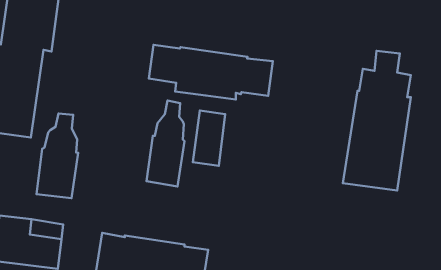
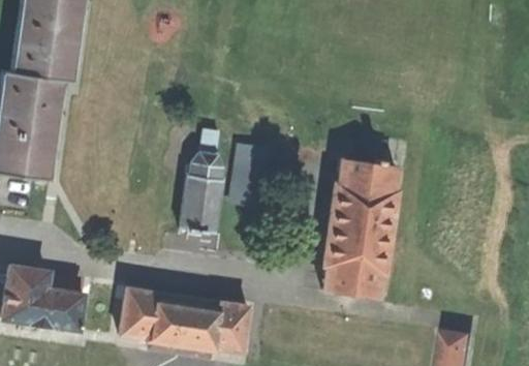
building: [149,45,273,99] -> none
building: [343,51,411,190] -> [319,140,397,299]
building: [36,114,78,198] -> none

